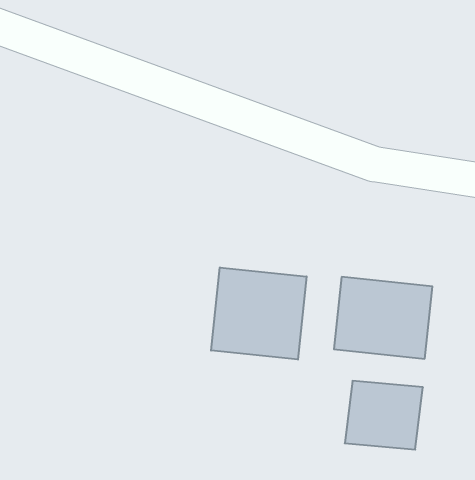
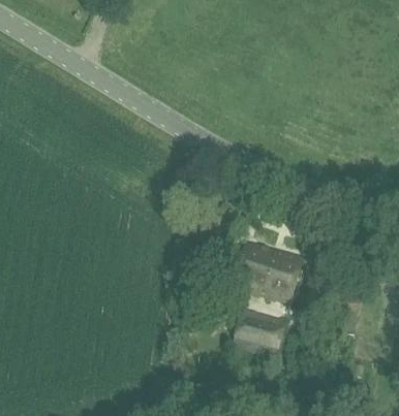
building: [211,267,307,360] -> none

